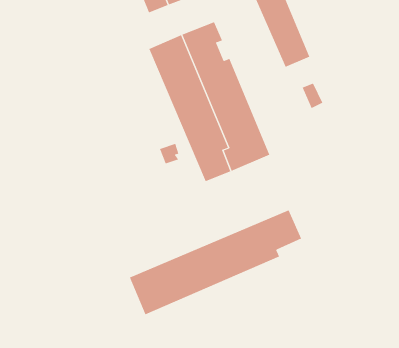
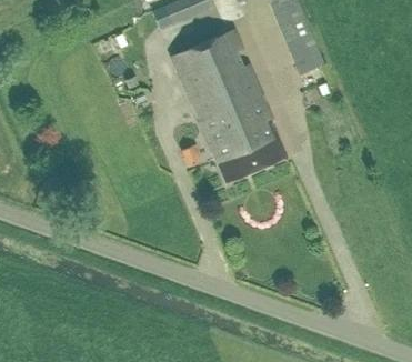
building: [129,210,302,315] -> none

